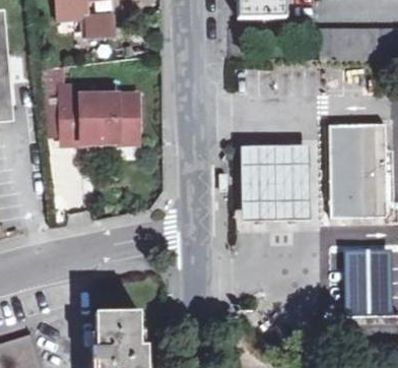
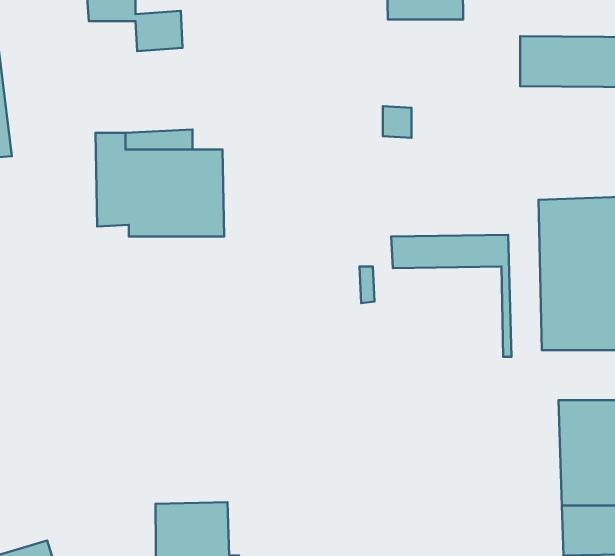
building: [242,167,309,224] -> none

